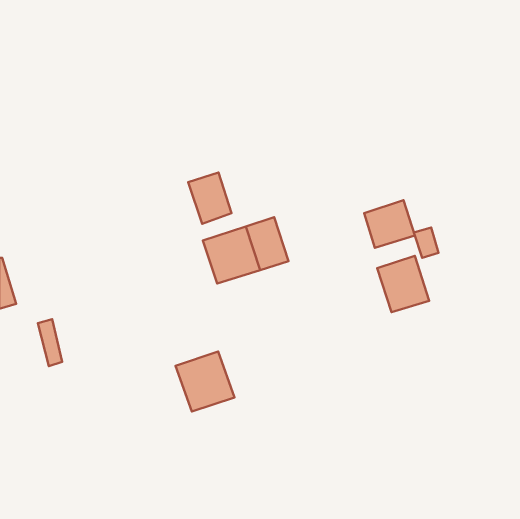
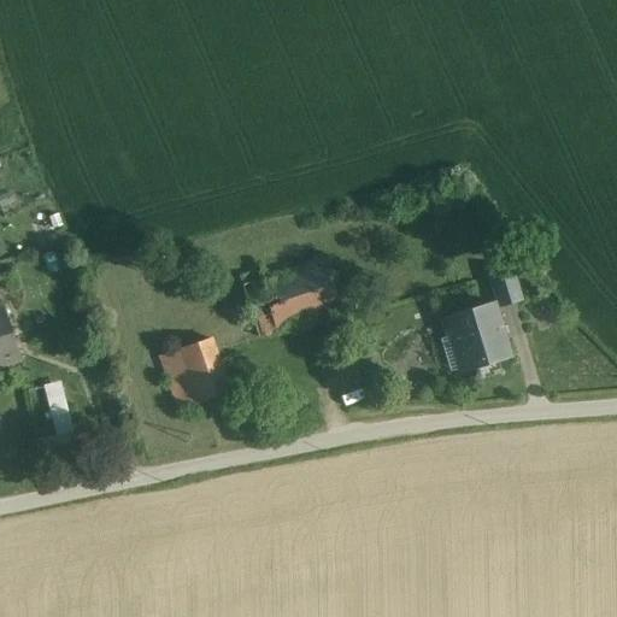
building: [188,172,232,224] -> none
building: [364,200,415,248] -> none
building: [175,351,235,412] -> [158,337,228,409]

